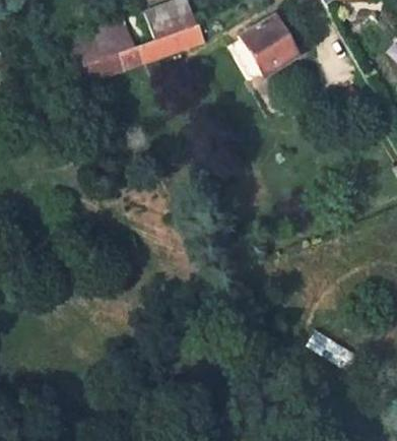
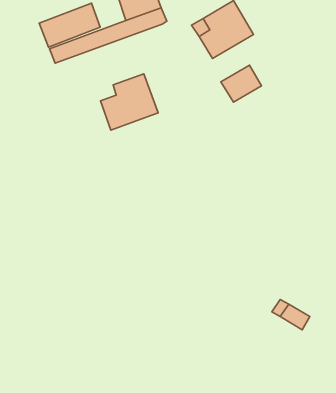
building: none -> [221,65,262,102]
building: none -> [100,74,158,130]

